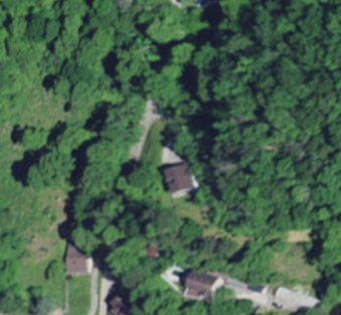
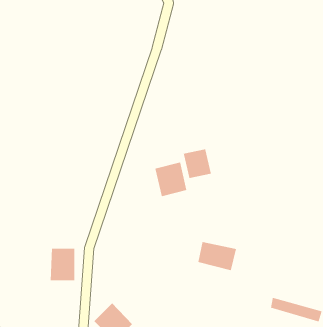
building: none -> [183,148,211,179]
building: [177,268,213,295] -> [198,241,237,271]

